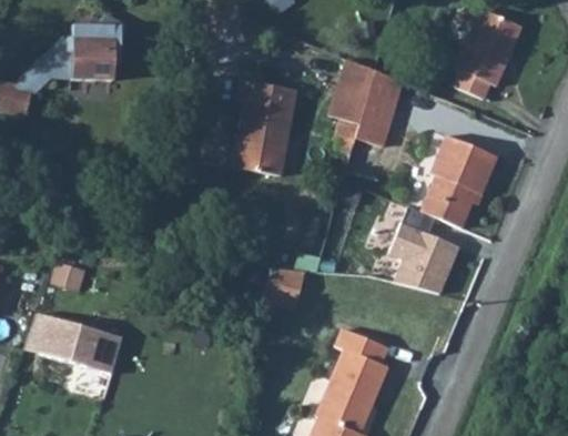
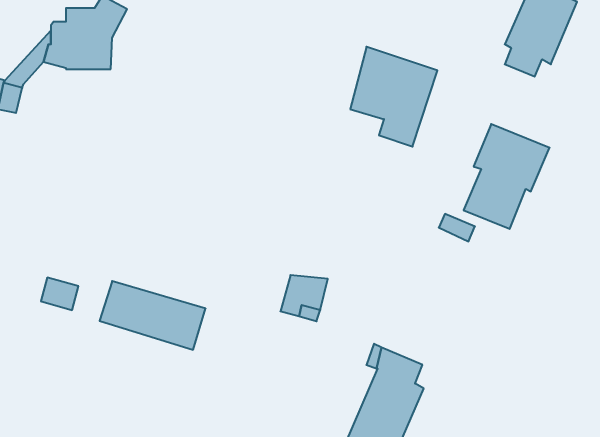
building: [240,78,303,169] -> none
building: [384,227,457,298] -> none
building: [26,315,120,376] -> [100,281,206,350]

